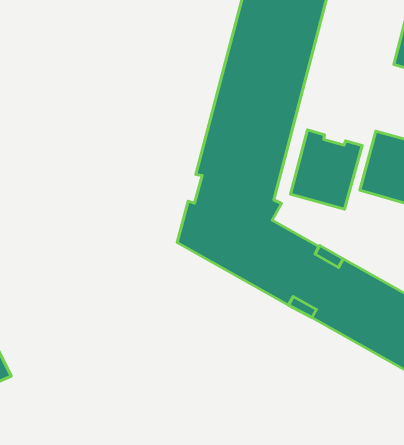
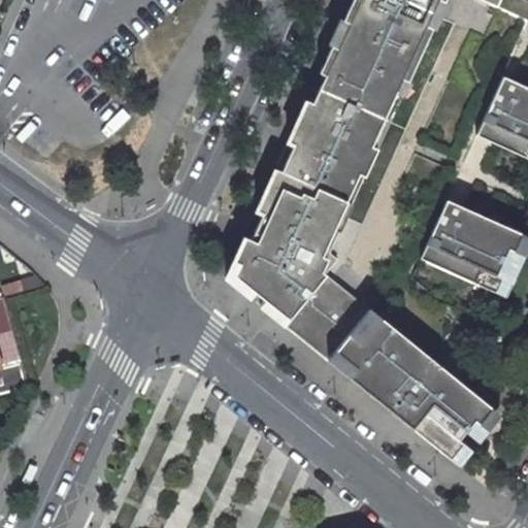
building: [291,130,362,209] -> none

